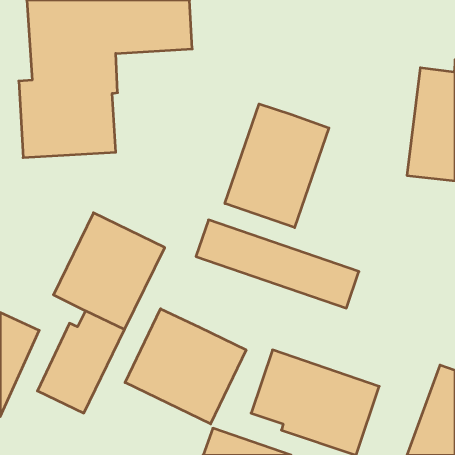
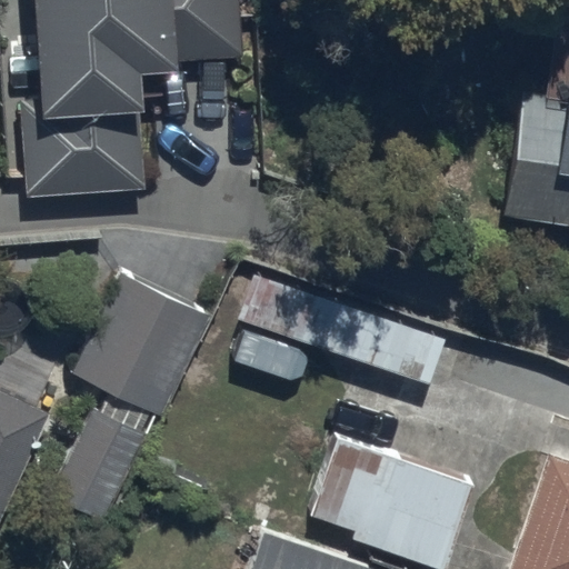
building: [225,104,329,228] -> none
building: [125,309,246,424] -> none

